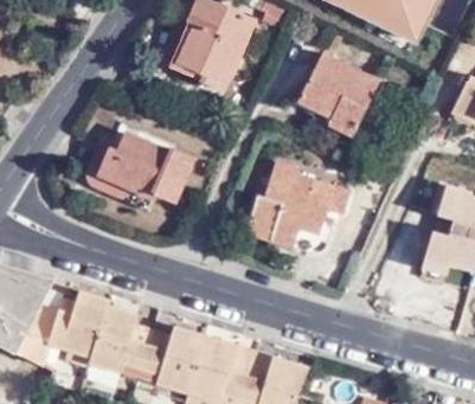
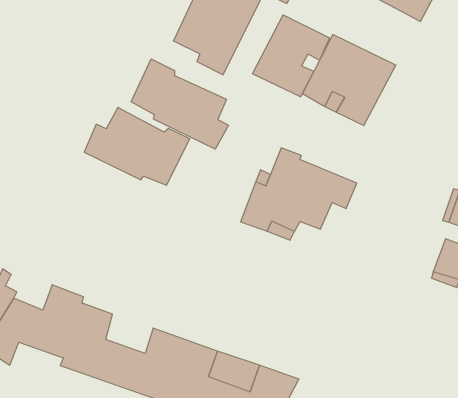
building: none -> [253,15,330,97]
building: none -> [131,59,229,149]

